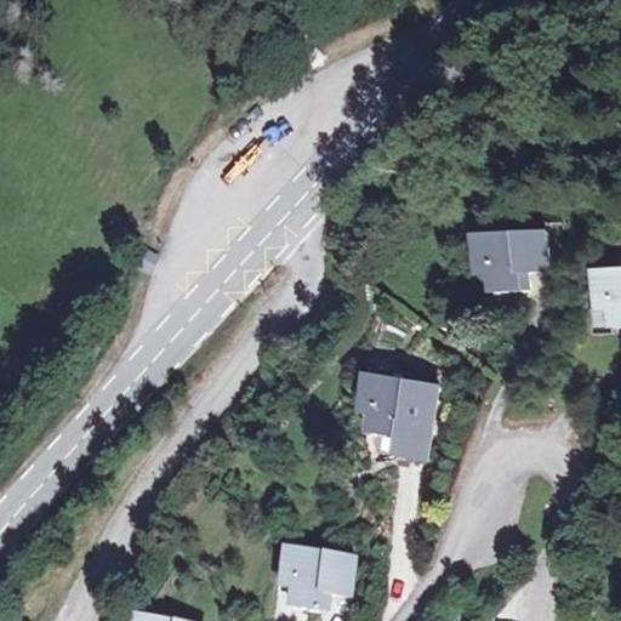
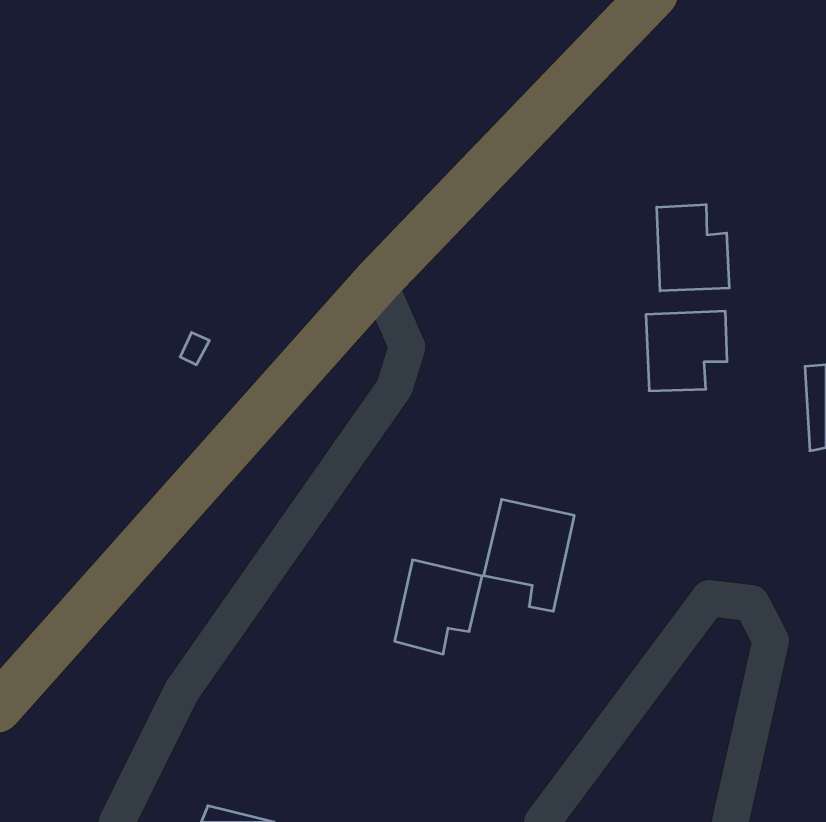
building: none -> [657,204,729,291]
building: [284,539,349,609] -> [395,560,482,654]

